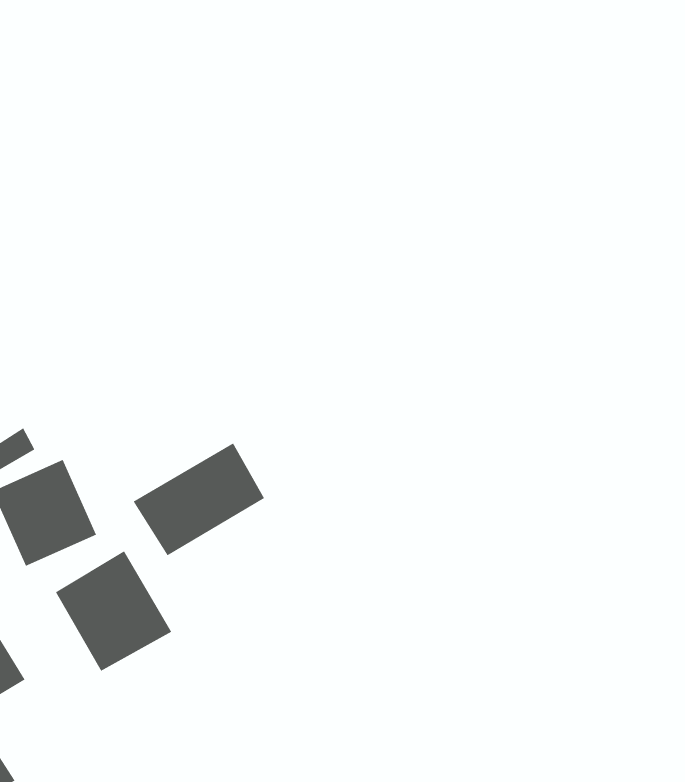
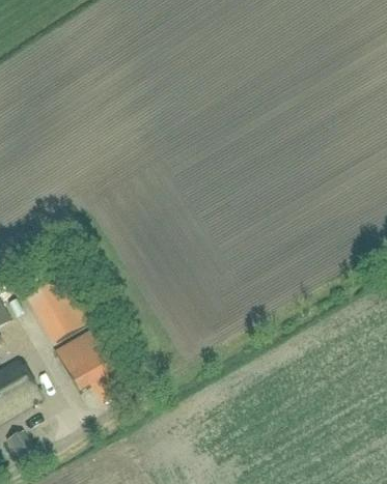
building: [133,442,265,556] -> none

